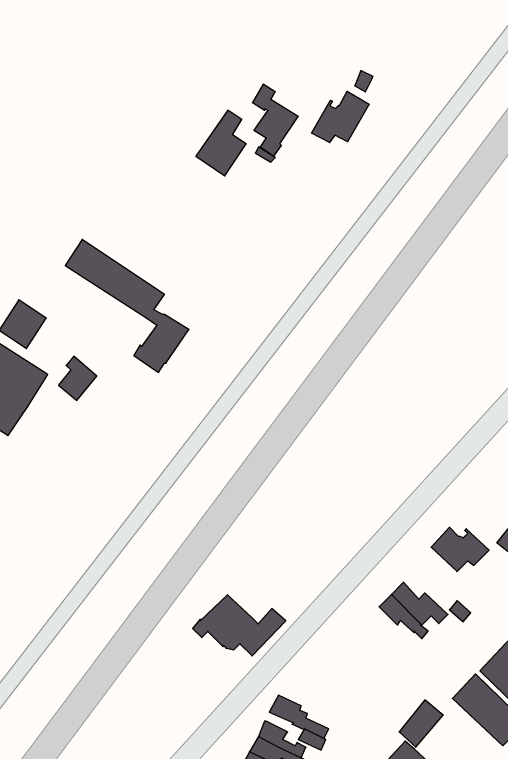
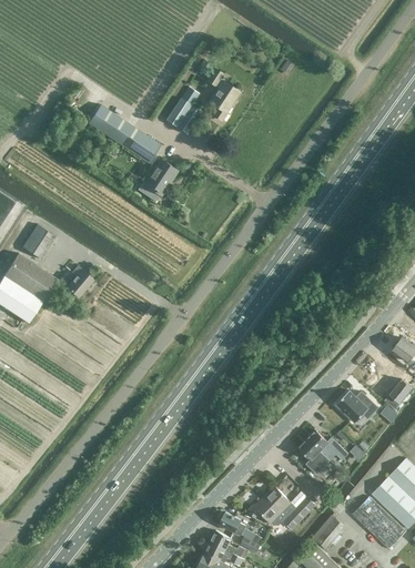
building: [312,91,369,143] -> none
building: [65,239,189,372] -> [87,104,176,201]
building: [193,595,286,656] -> [247,486,315,530]

